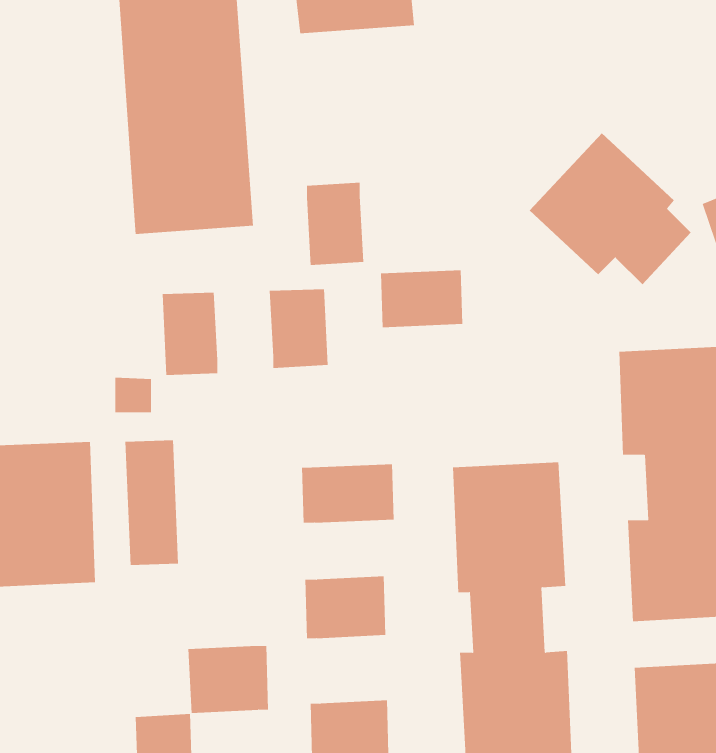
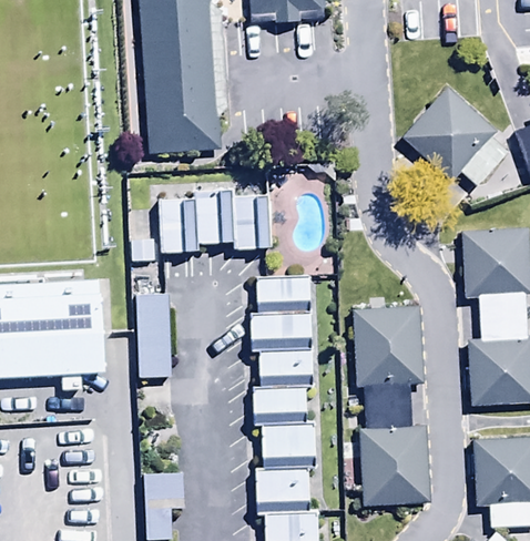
building: [306,182,364,265] -> [196,182,234,236]
building: [380,270,463,328] -> [258,268,313,306]
building: none -> [262,340,315,379]
building: [187,645,269,713] -> [263,416,316,460]

